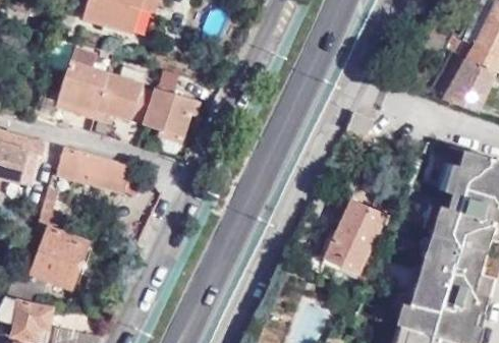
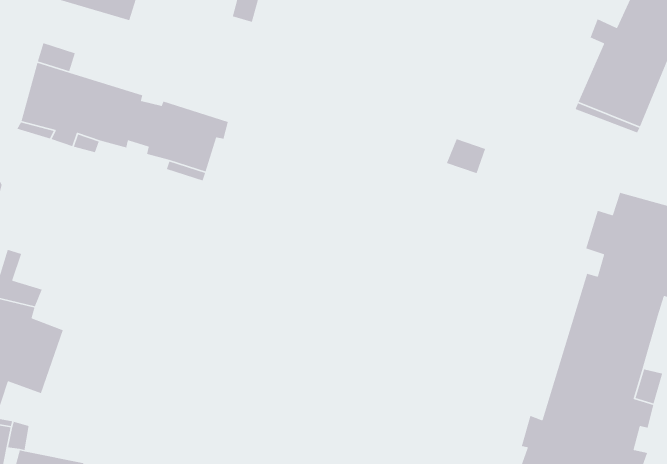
building: [54,145,132,193] -> none
building: [318,196,385,286] -> none

